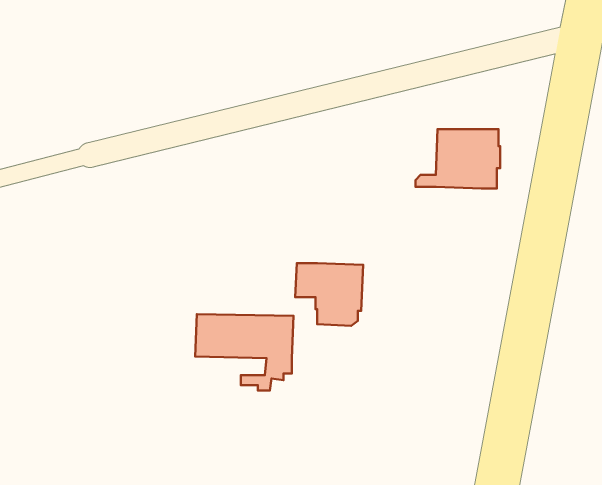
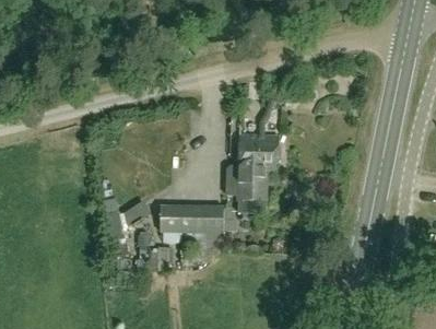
building: [415,129,500,188] -> [225,134,280,173]

